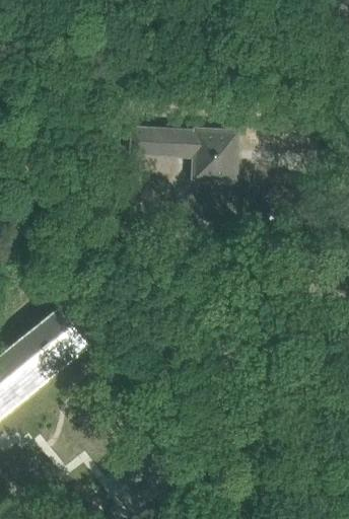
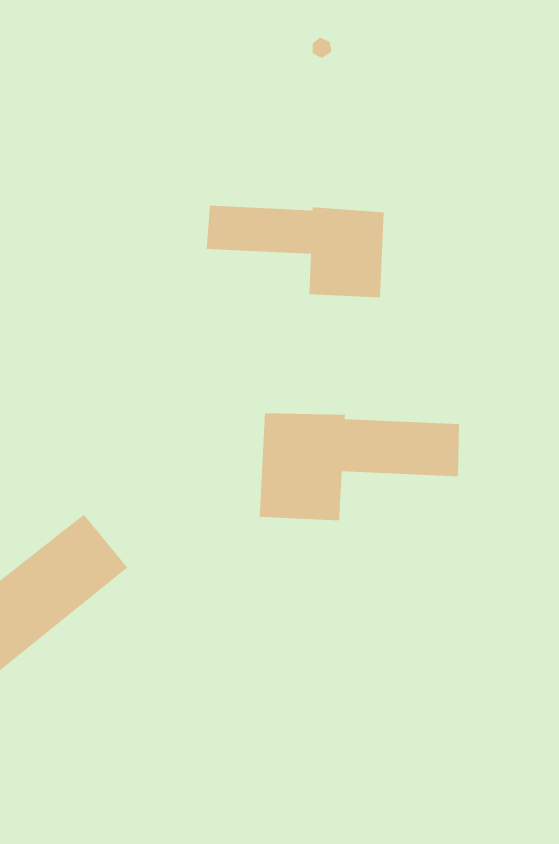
building: none -> [259,413,459,521]

